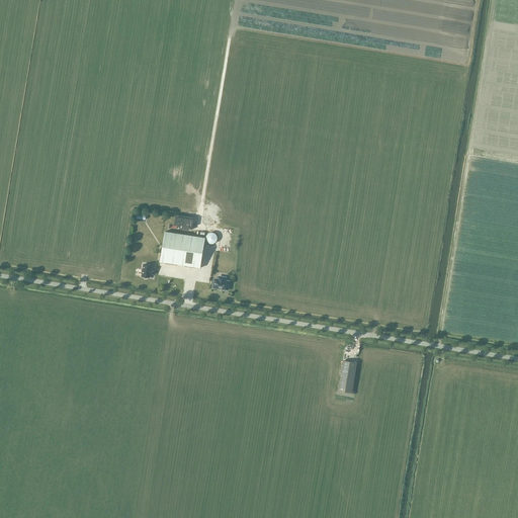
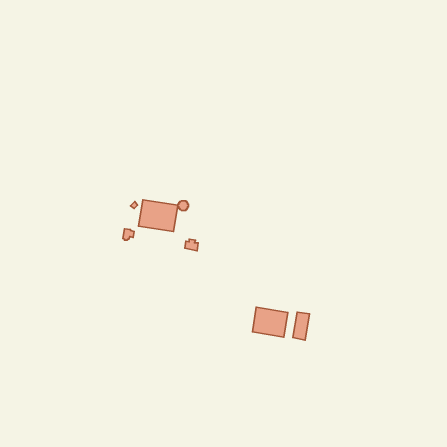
building: none -> [252,307,288,337]

